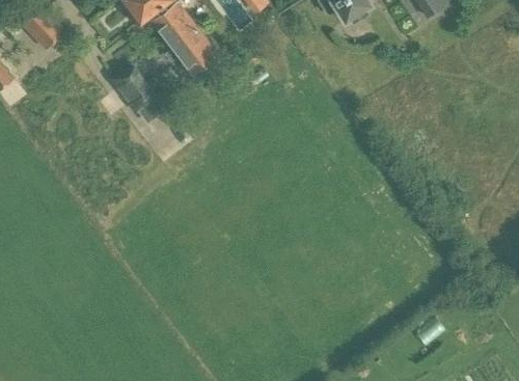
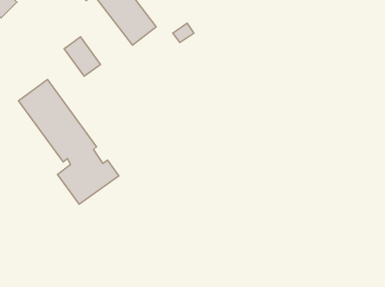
building: none -> [18,80,119,204]

